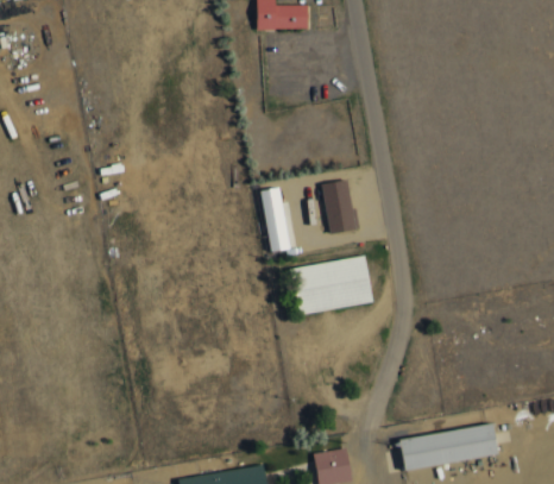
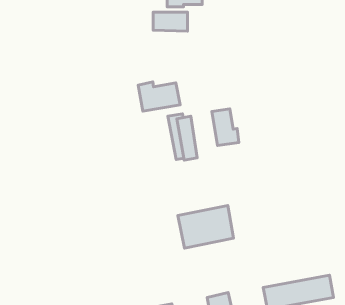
building: none -> [153,12,187,31]
building: none -> [138,82,180,111]
building: [291,254,372,316] -> [178,206,233,248]

